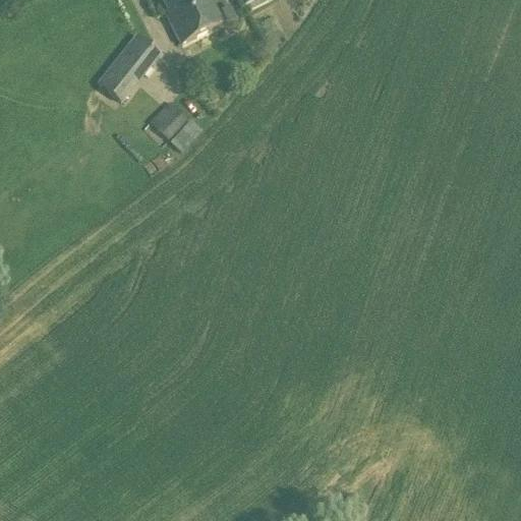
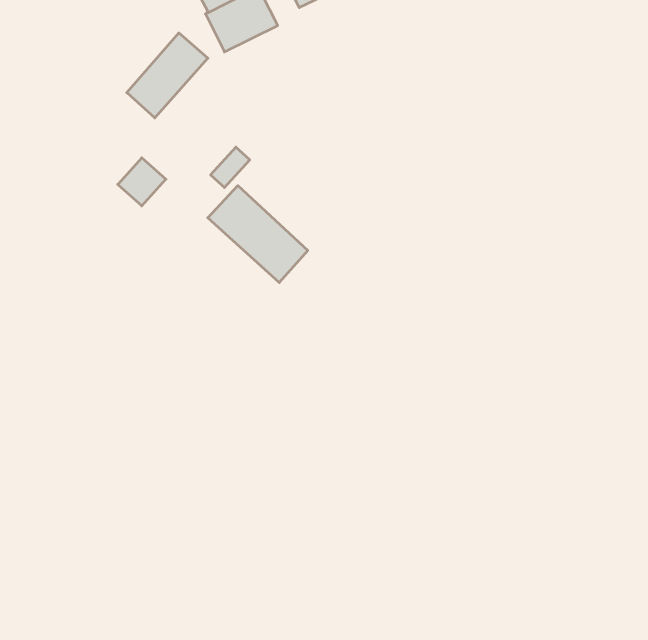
building: [149,100,187,138] -> [118,158,166,206]
building: none -> [208,186,308,283]

